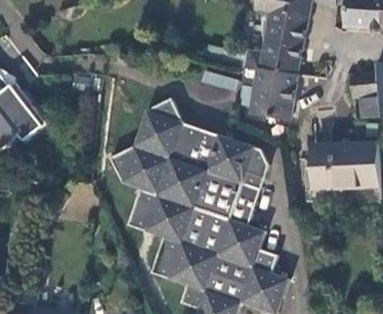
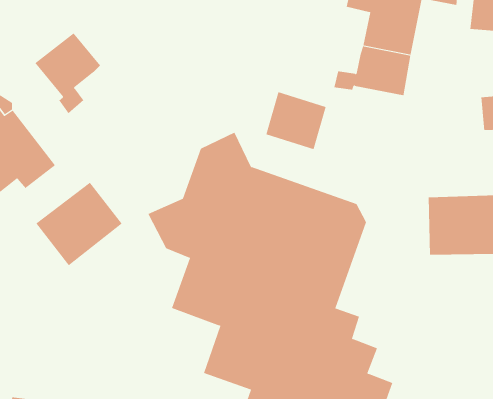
building: none -> [35,33,101,114]
building: [250,66,296,118] -> none
building: none -> [36,182,123,266]

